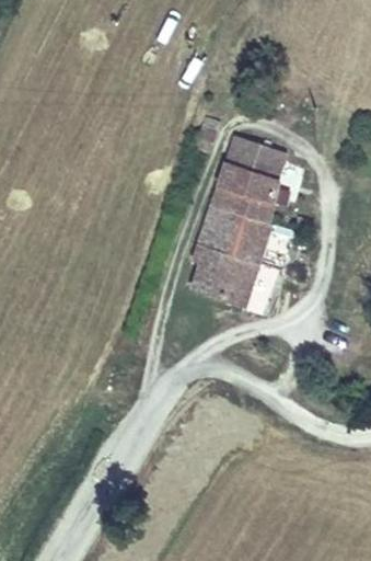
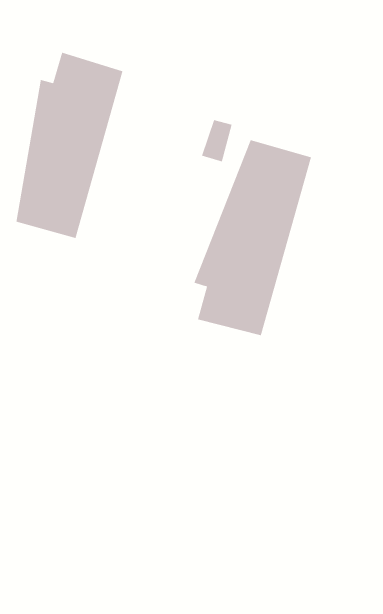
building: none -> [16,52,123,239]

